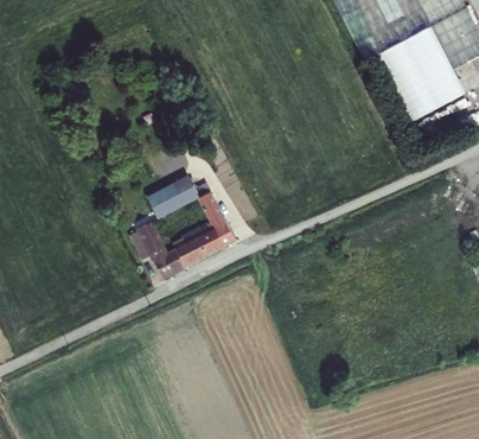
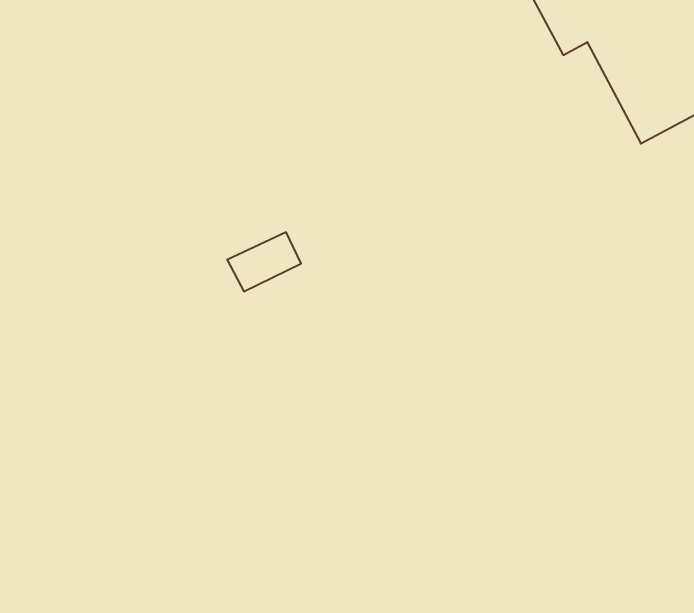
building: [132,192,235,276] -> none

